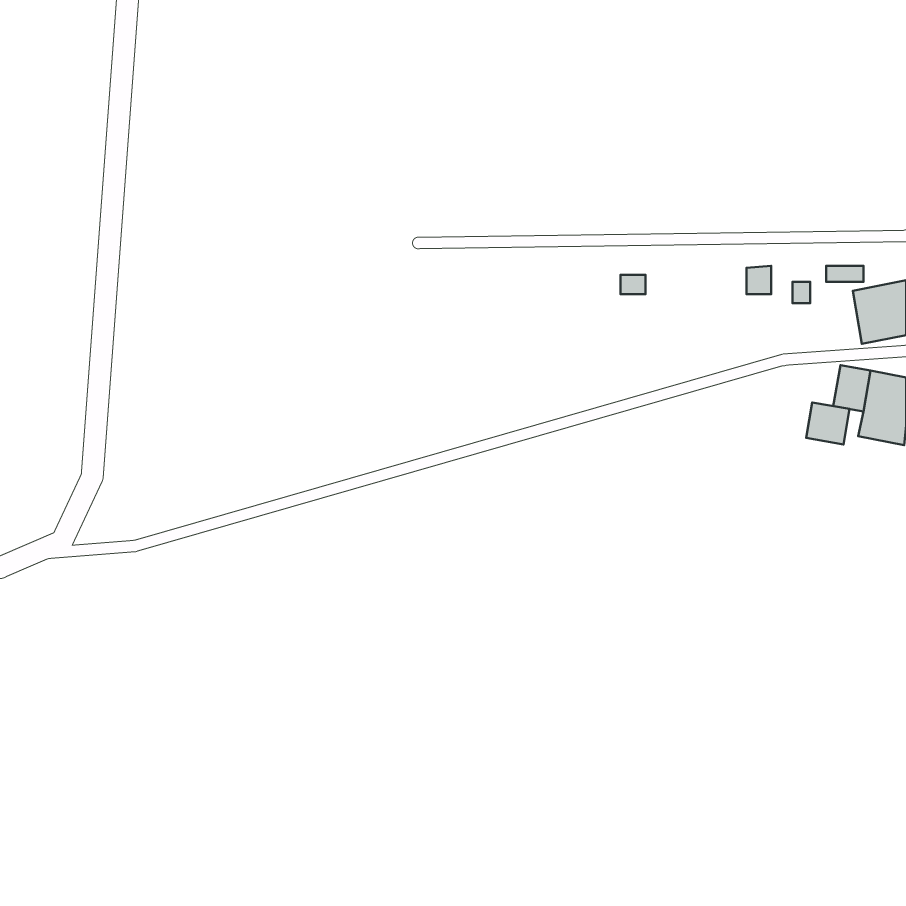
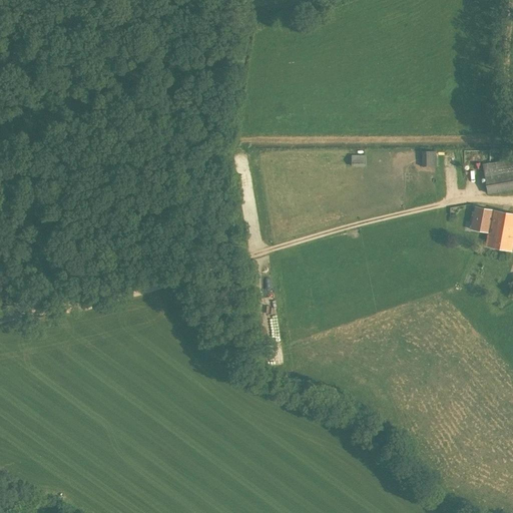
building: [806,402,850,444] -> none

